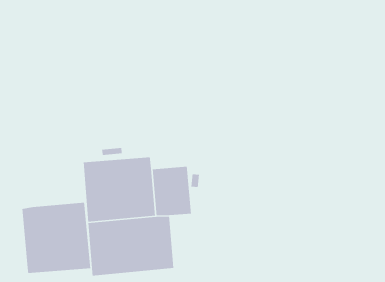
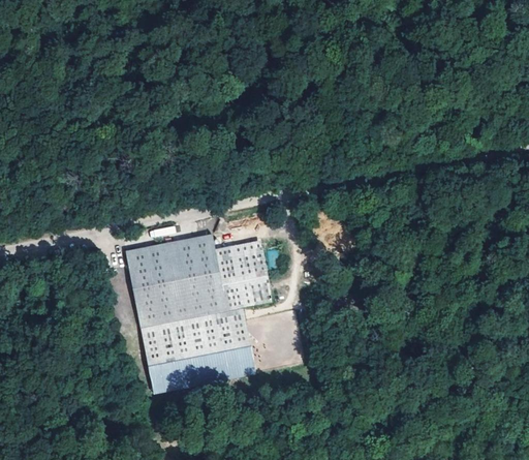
building: [22,202,91,274] -> none

